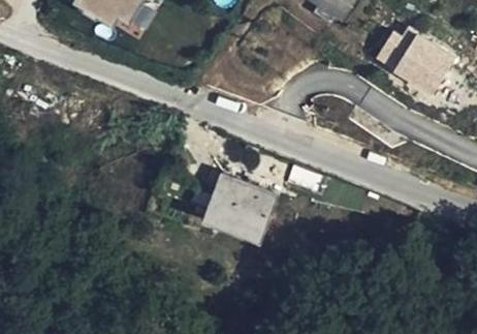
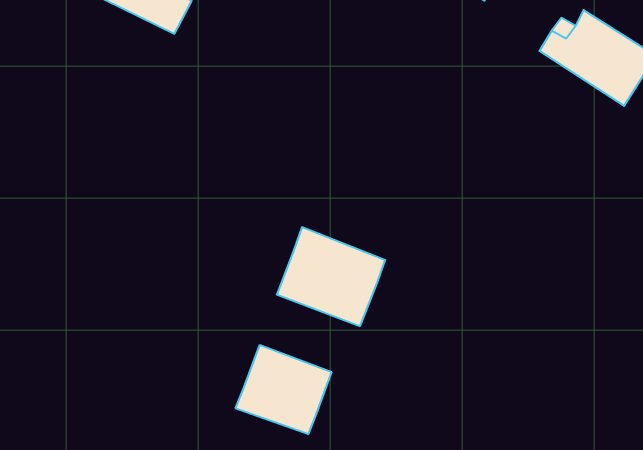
building: none -> [236,345,331,434]

